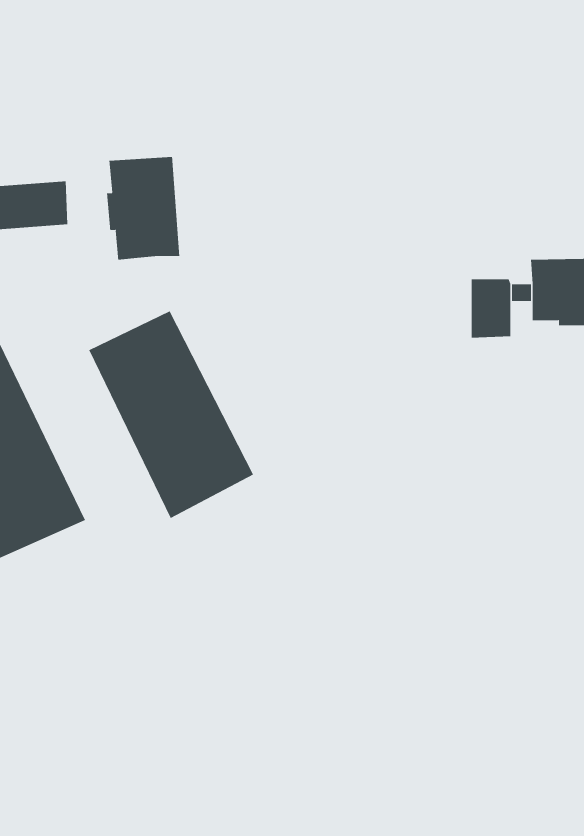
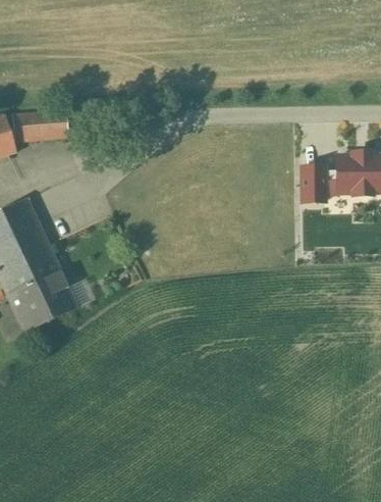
building: [106,156,180,261] -> none
building: [88,311,254,519] -> none

